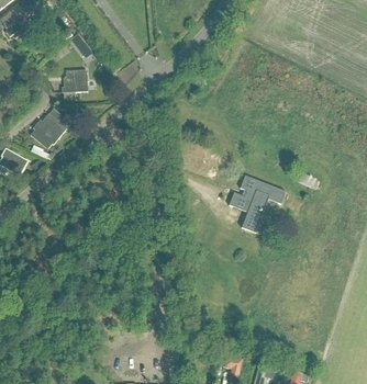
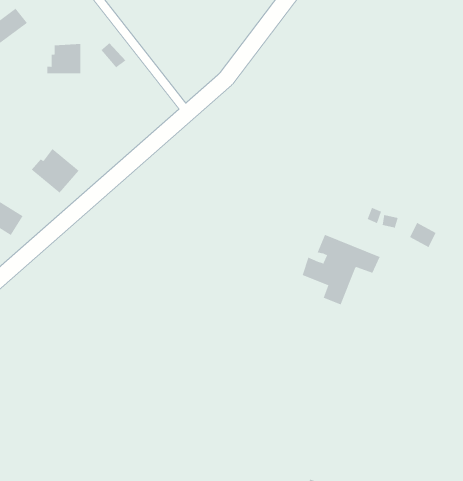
building: [60,70,86,92] -> [46,44,81,74]

